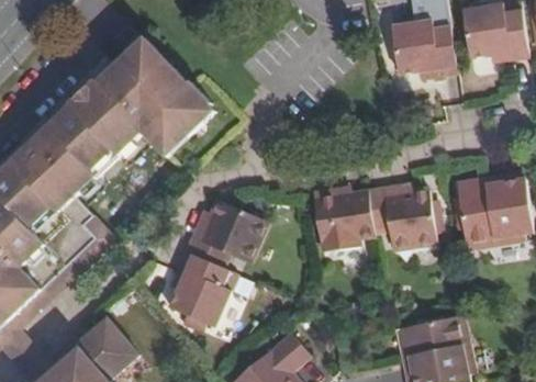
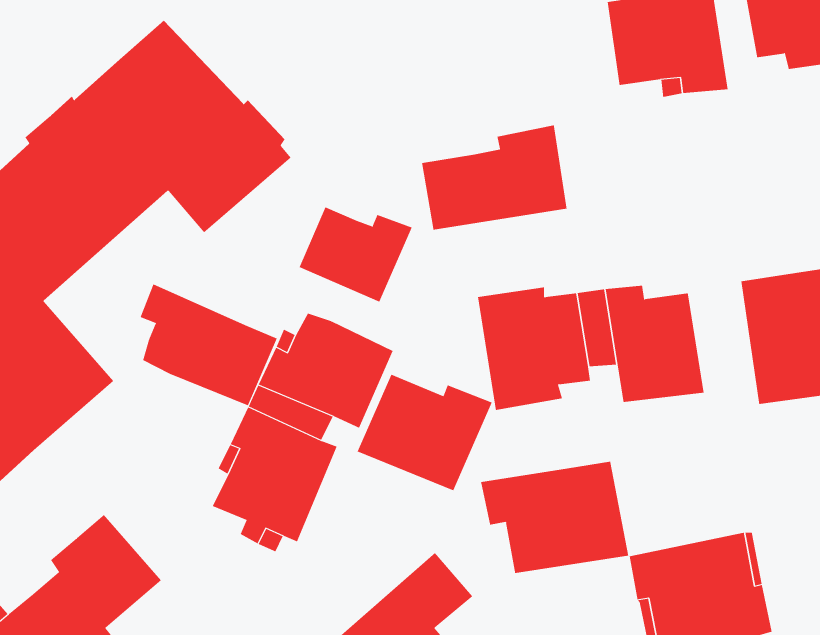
building: none -> [422,125,567,230]
building: none -> [299,206,412,302]
building: none -> [140,283,278,406]
building: none -> [357,374,492,491]
building: none -> [480,461,629,574]

